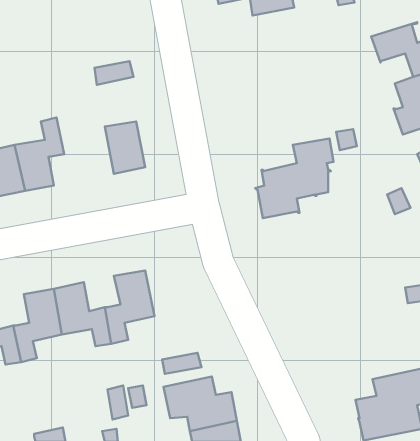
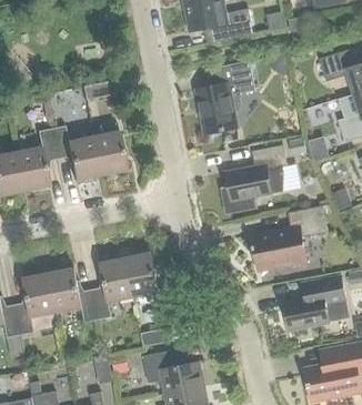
building: none -> [195,60,255,134]
building: none -> [51,125,100,180]
building: none -> [252,205,328,280]
building: none -> [127,252,159,296]
building: none -> [283,275,350,328]

